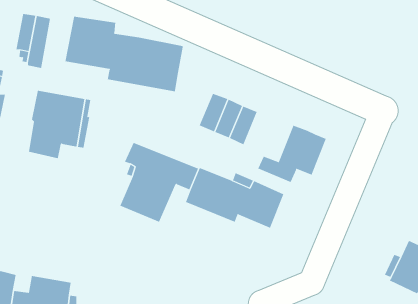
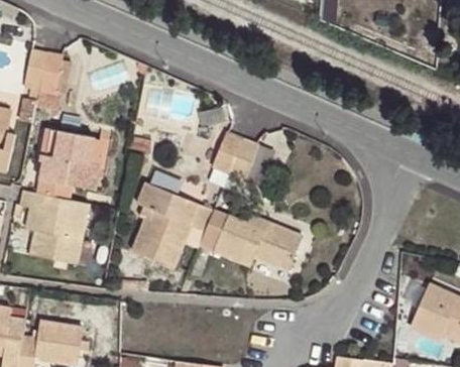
building: [65,16,183,92] -> none
building: [258,125,327,183] -> none
building: none -> [19,191,87,264]

